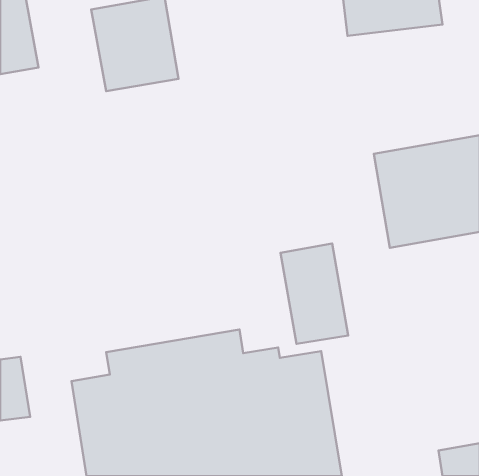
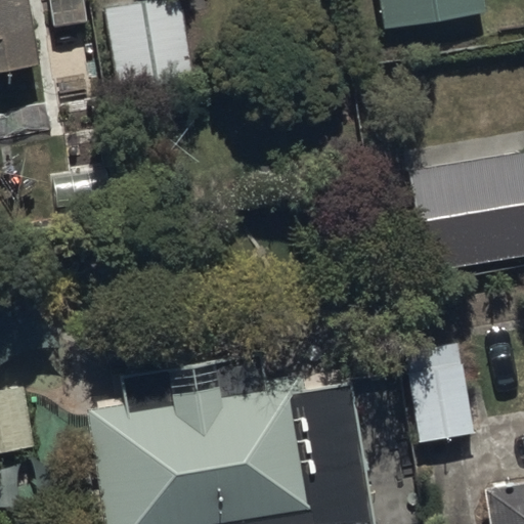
building: [281,243,348,344] -> [399,340,473,449]

